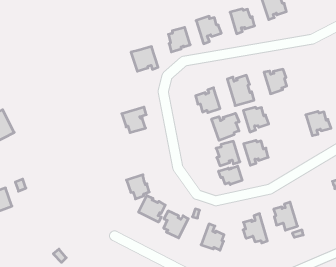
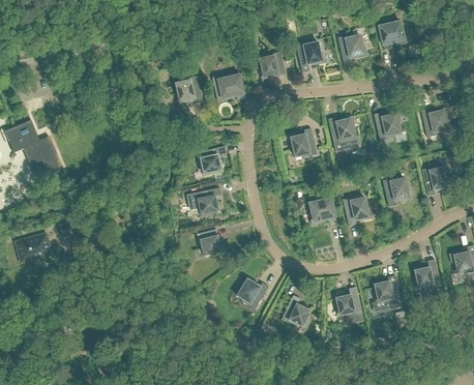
building: none -> [175,76,203,106]
building: none -> [421,108,448,138]
building: [243,107,269,132] -> [382,177,412,207]
building: [212,113,239,140] -> none
building: none -> [187,187,221,216]
building: [219,166,242,185] -> none
building: none -> [414,260,441,289]
building: [139,196,165,222] -> none

